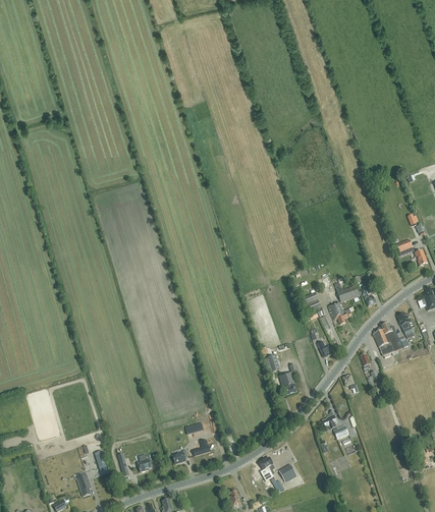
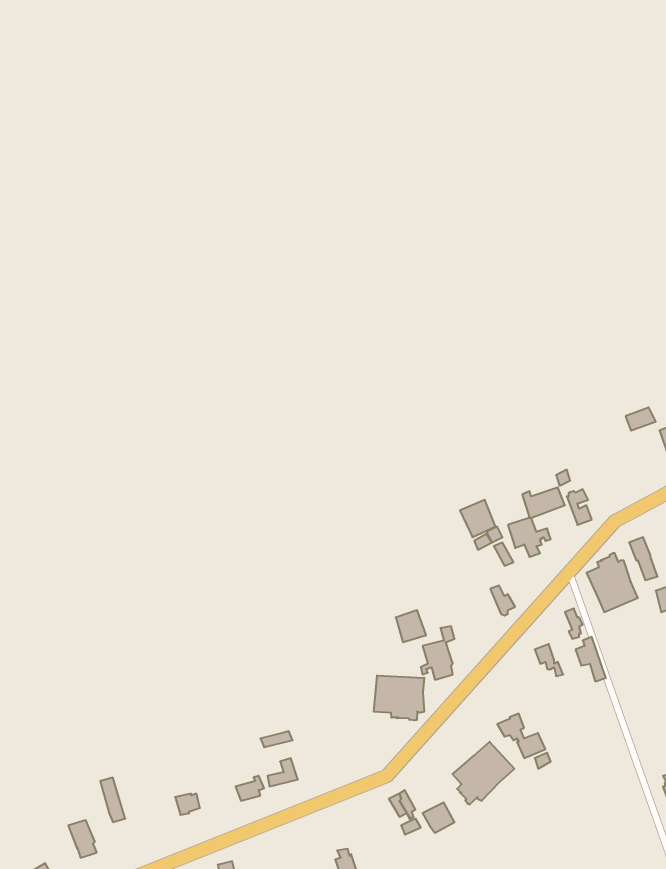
building: none -> [374,675,424,720]
building: none -> [452,742,514,805]

